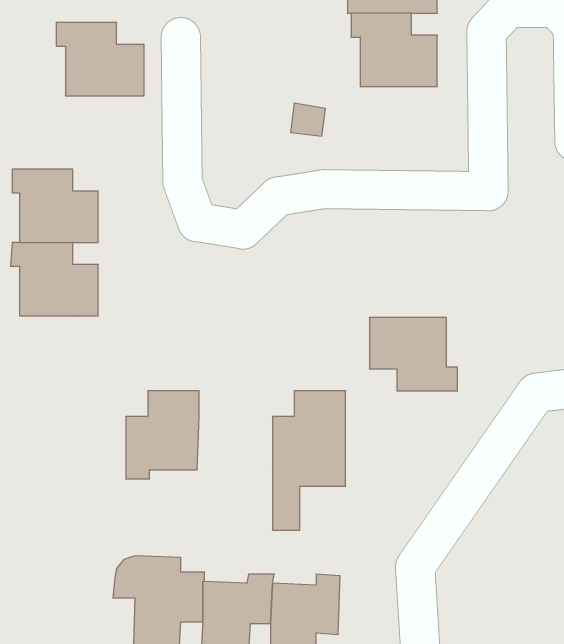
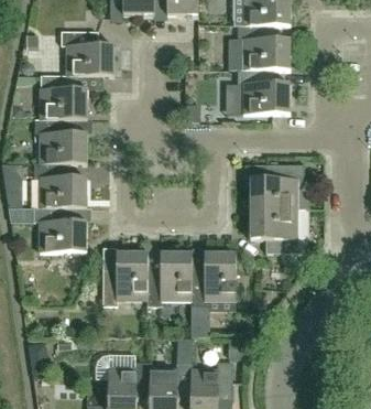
building: none -> [237,69,290,114]
building: none -> [40,75,86,119]
building: none -> [249,164,302,208]
building: none -> [33,207,86,251]
building: none -> [145,252,190,305]

